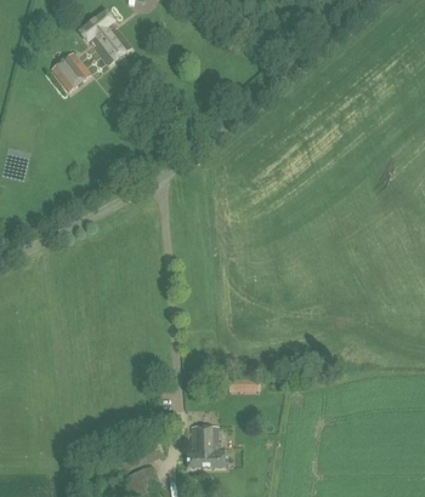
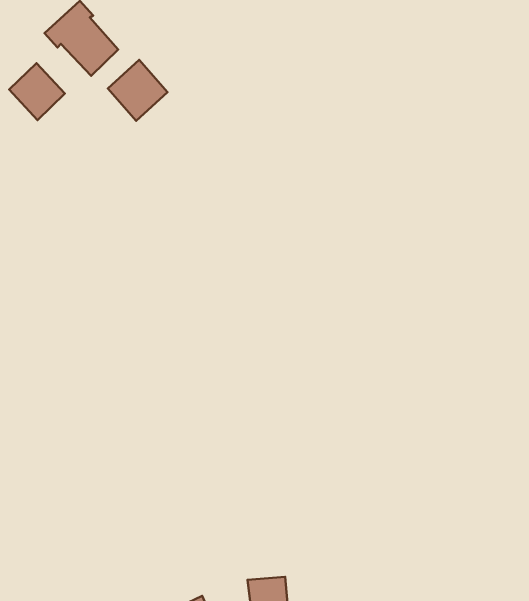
building: none -> [108,60,168,121]

